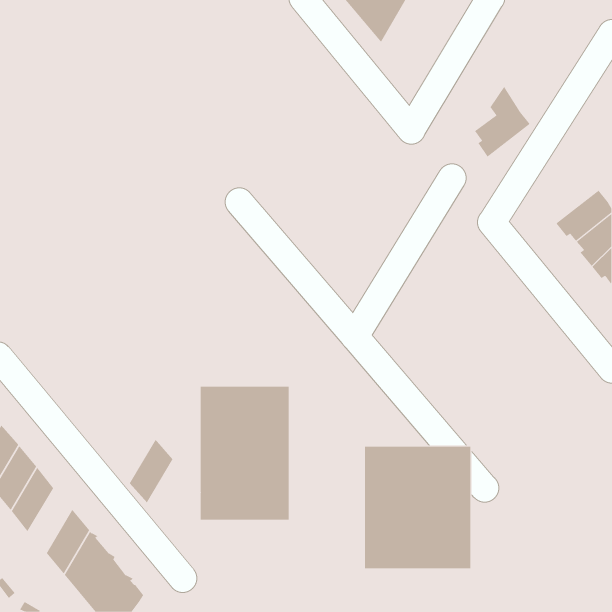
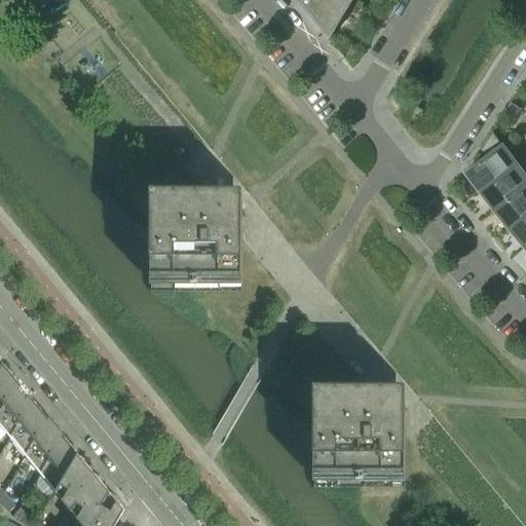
building: [474,85,531,158] -> [463,129,512,191]
building: none -> [149,185,240,291]
building: [200,386,289,521] -> none
building: [129,439,173,504] -> [24,417,62,473]

